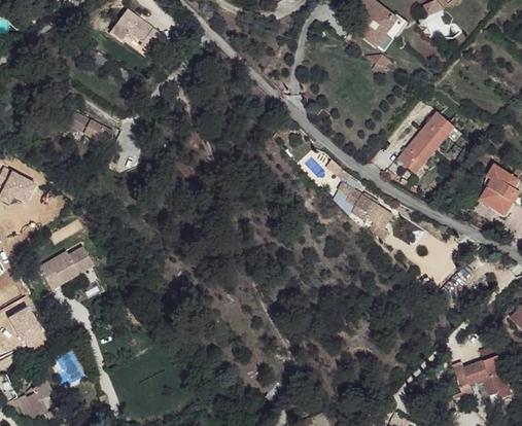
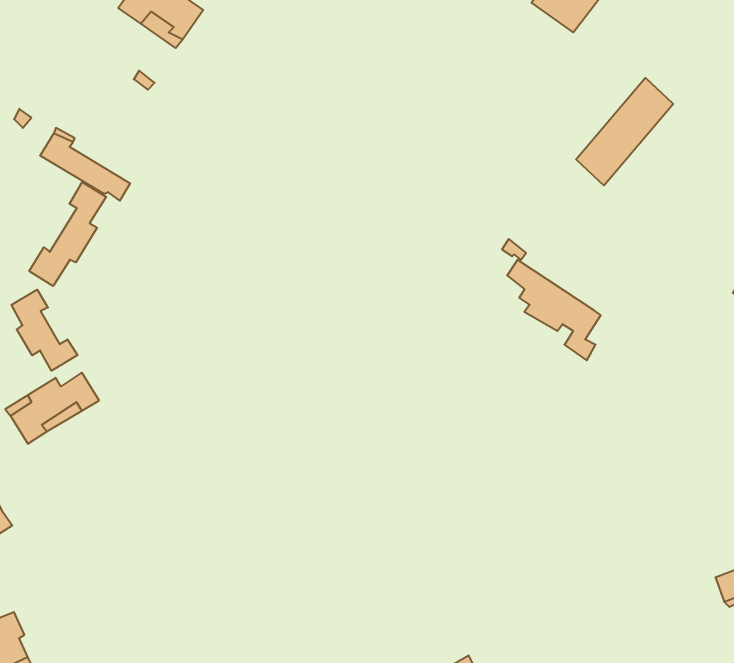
building: [395,111,453,175] -> [576,78,673,185]
building: none -> [29,182,106,286]
building: none -> [11,290,77,371]

